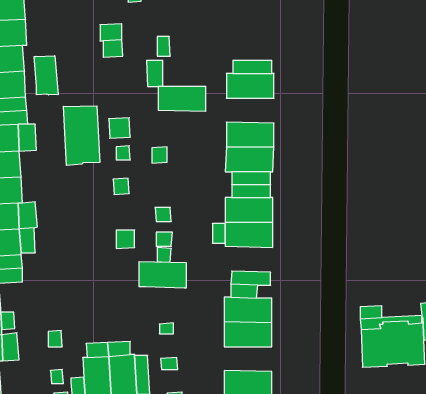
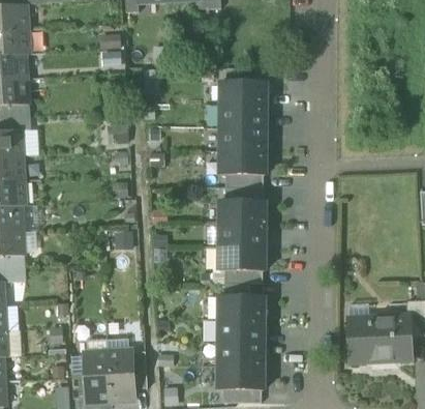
building: [34,56,58,95] -> none
building: [158,86,206,111] -> [220,105,266,128]
building: [63,106,100,165] -> none
building: [139,262,186,288] -> [219,246,265,271]
building: none -> [218,343,264,367]

